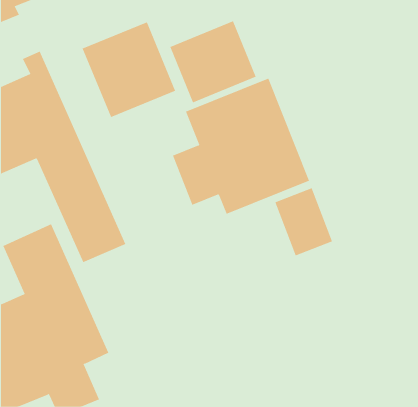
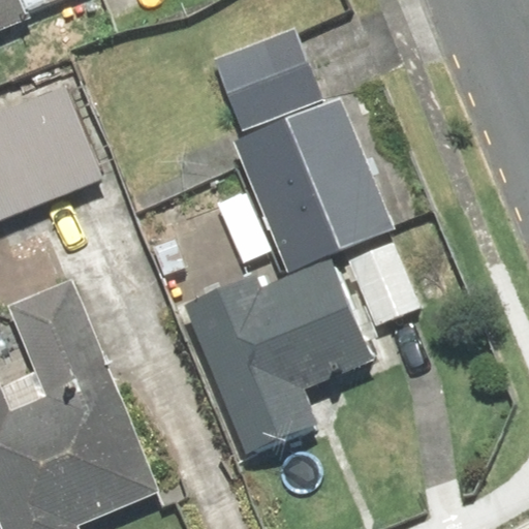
building: [82,22,176,118] -> none
building: none -> [181,262,366,457]

